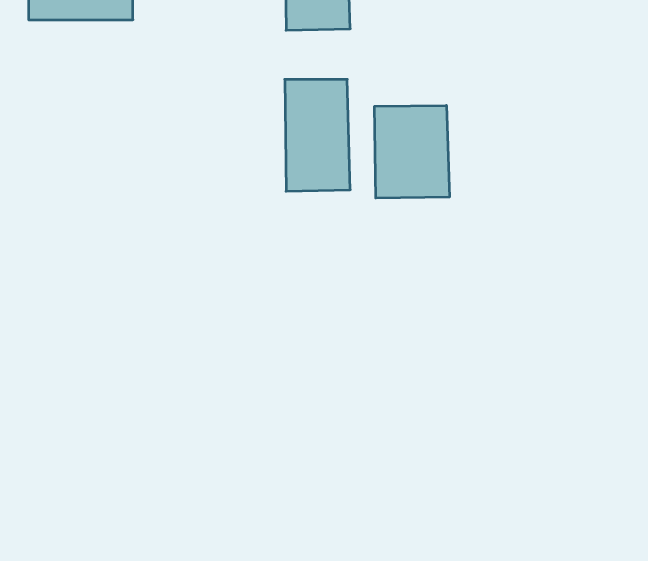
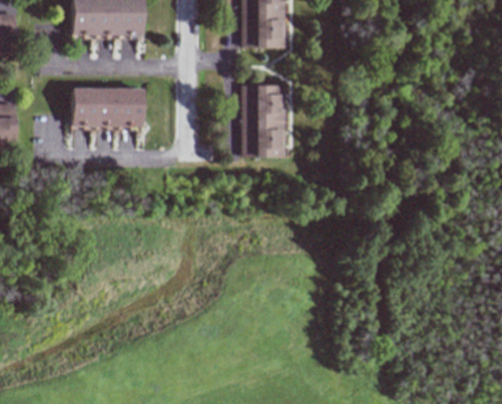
building: none -> [69,88,141,127]
building: [375,105,449,198] -> none

